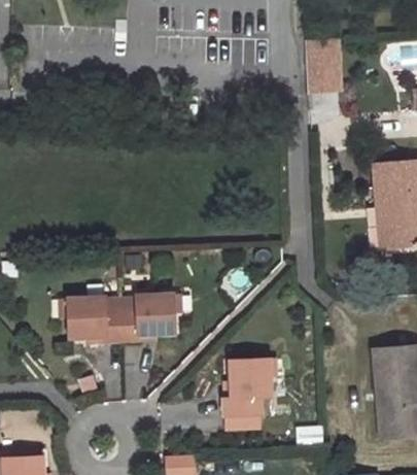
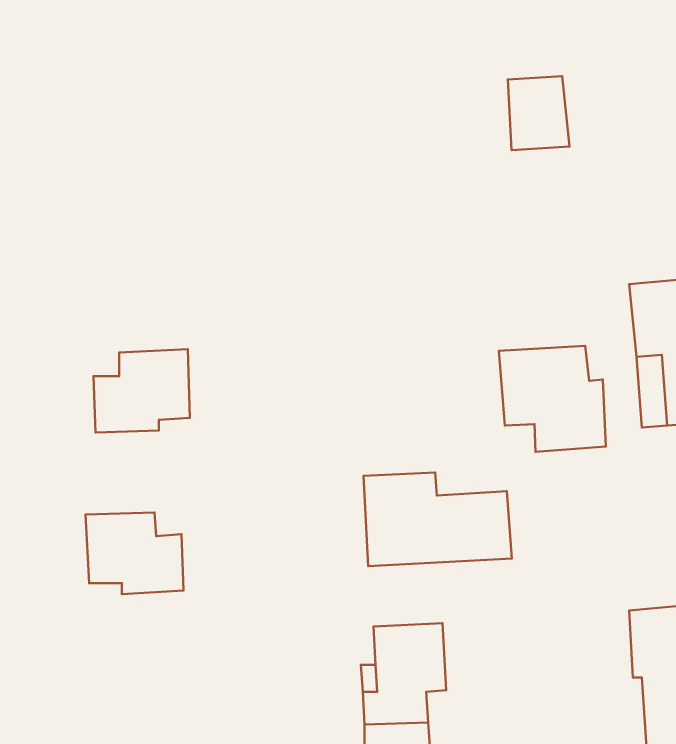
building: none -> [499,346,606,452]
building: none -> [363,473,512,566]
building: [120,292,175,339] -> [94,349,190,432]

